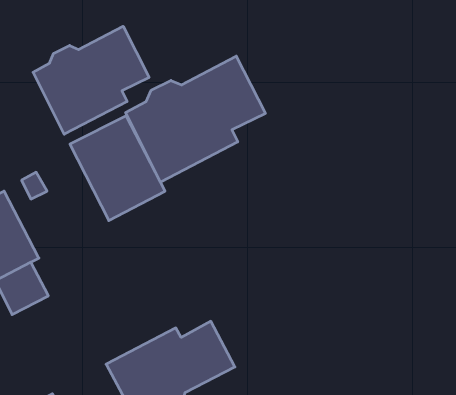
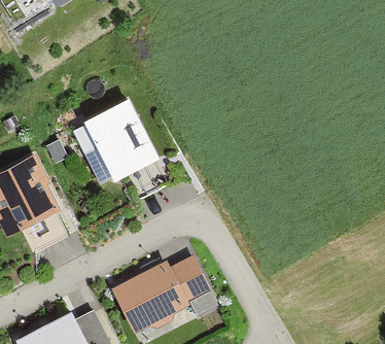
building: [33,26,149,134] -> none
building: [126,56,265,182] -> none

